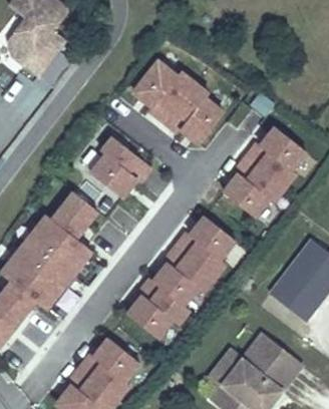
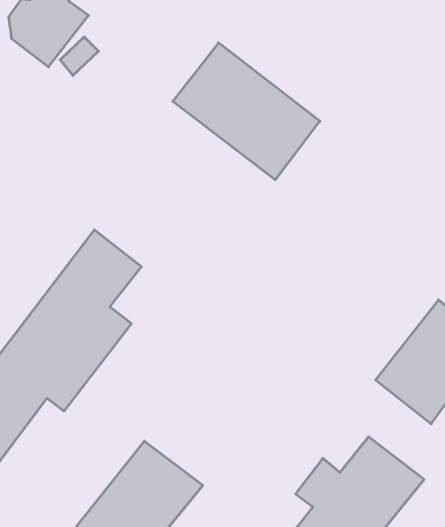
building: [219,124,309,227] -> none
building: [80,132,152,202] -> none
building: [122,213,243,346] -> none

